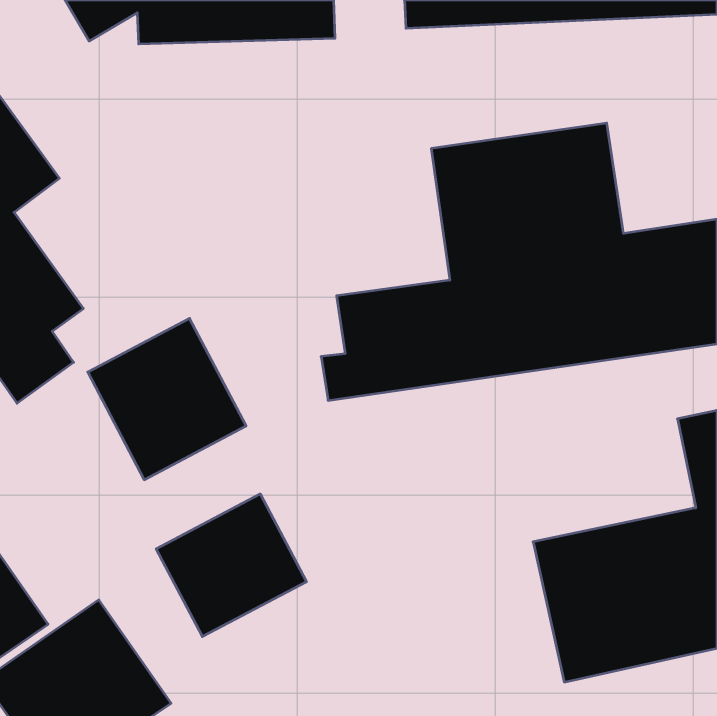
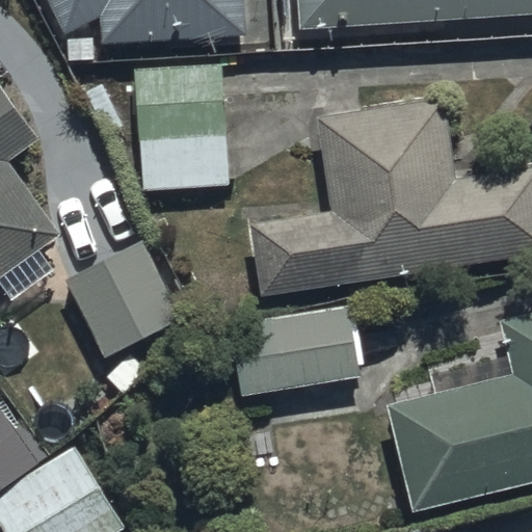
building: none -> [134,61,228,192]
building: none -> [225,304,362,393]
building: [156,494,306,637] -> none

